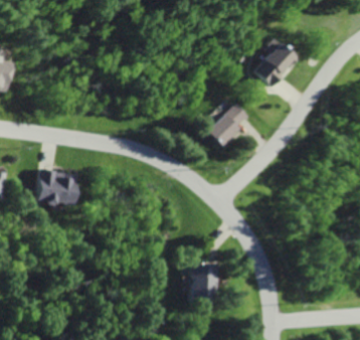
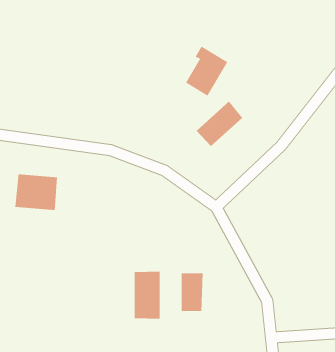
building: [256,39,297,87] -> [185,46,228,97]
building: none -> [134,271,160,320]

